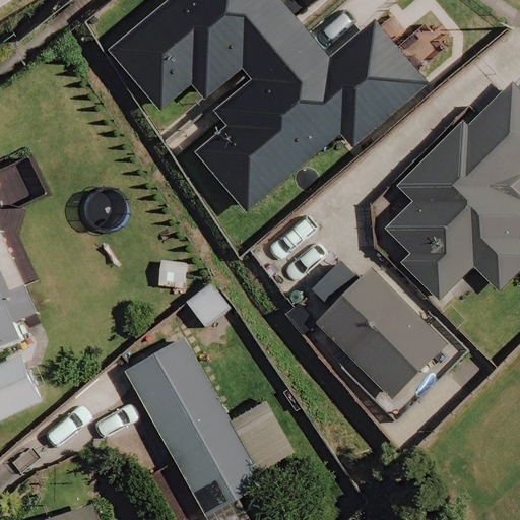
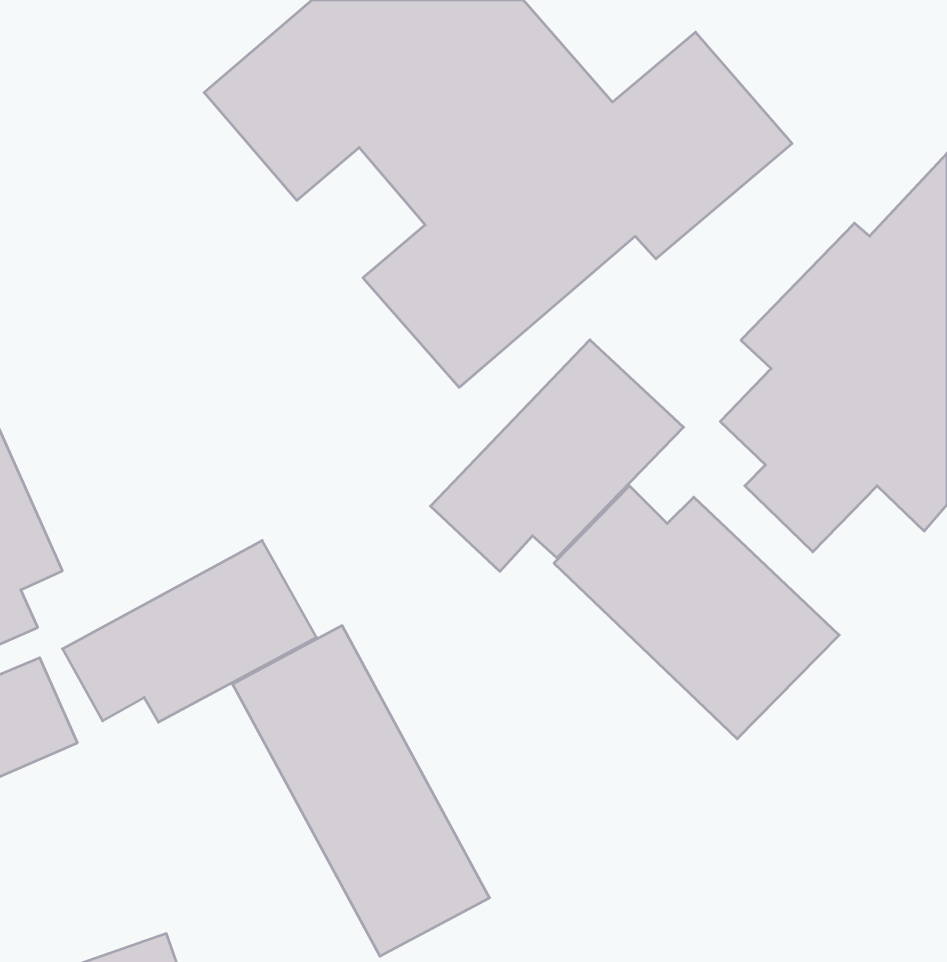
building: none -> [430,340,684,571]
building: none -> [62,540,317,722]

